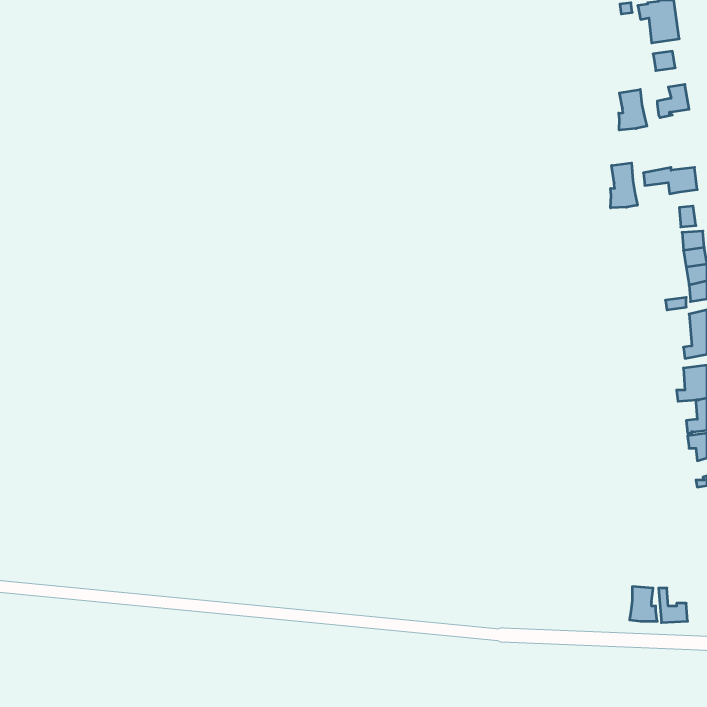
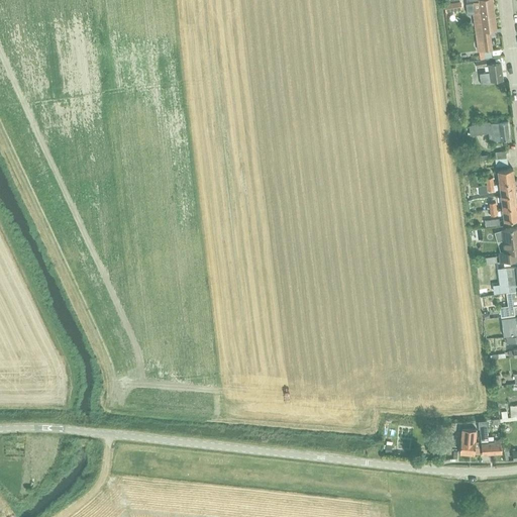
building: [619,89,647,130] -> none
building: [611,163,637,208] -> none

